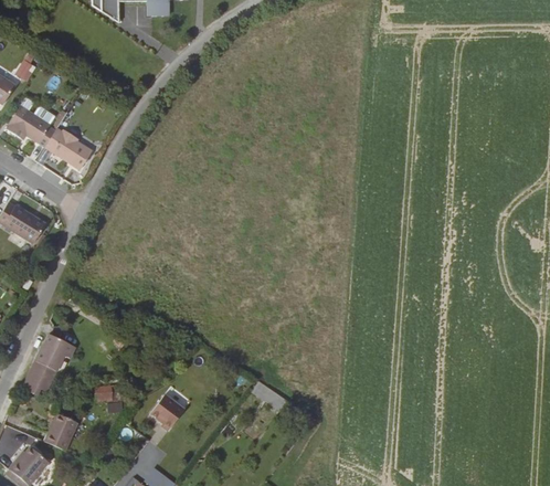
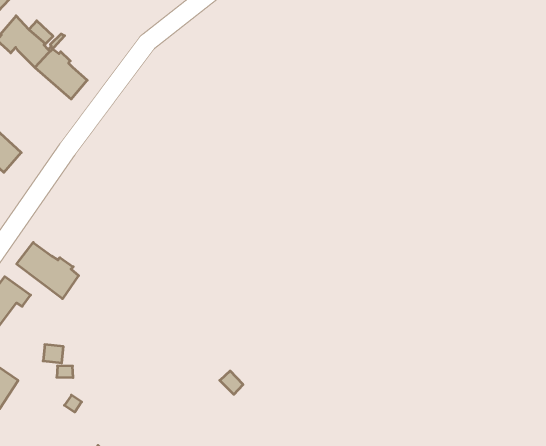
building: none -> [17,242,79,299]
building: [150,393,184,430] -> none

